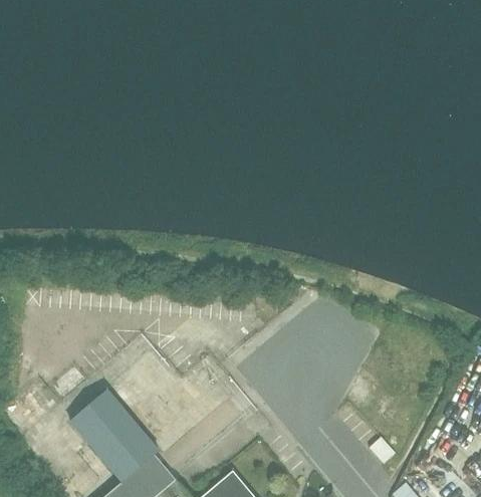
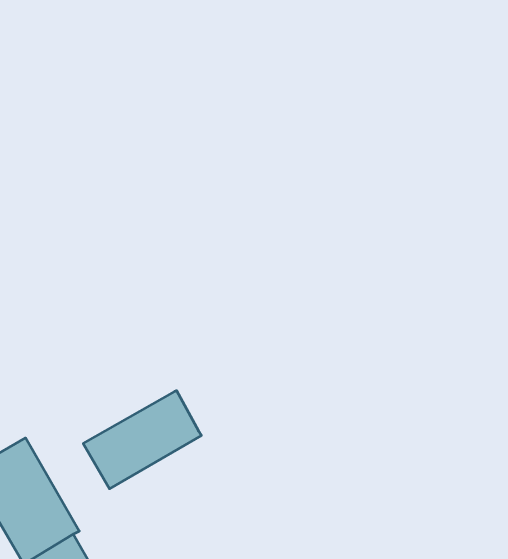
building: none -> [83,391,201,489]

